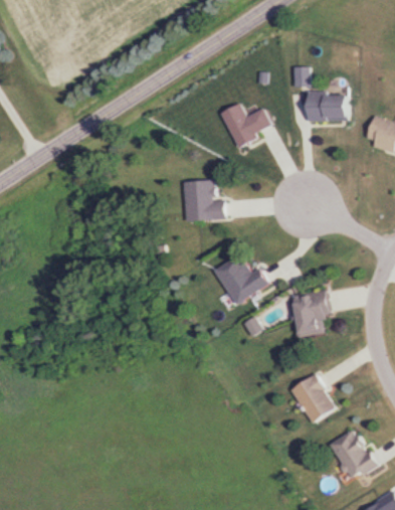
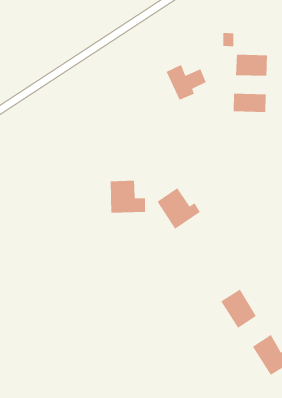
building: none -> [233,93,266,113]
building: [183,178,226,218] -> [110,180,146,213]
building: [292,289,329,336] -> none

